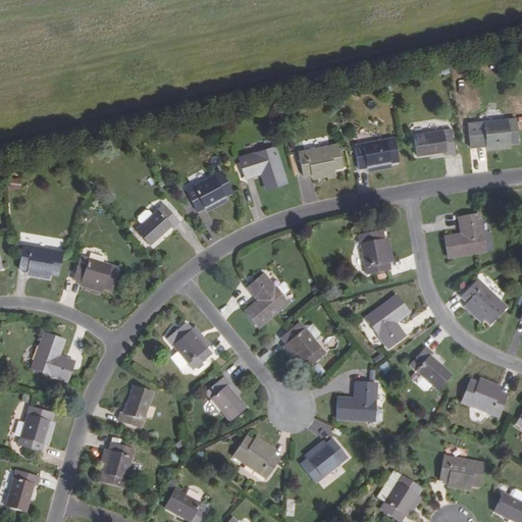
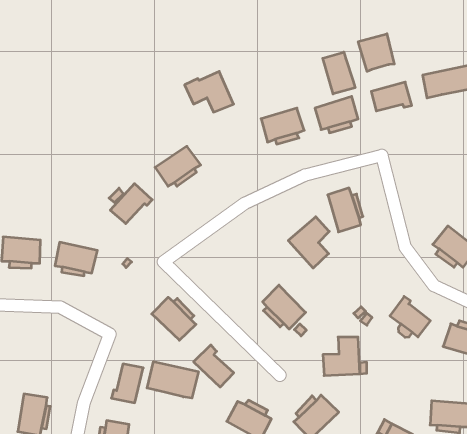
building: none -> [358,34,394,71]
building: none -> [323,52,355,94]
building: [239,147,286,188] -> [185,71,234,112]
building: [445,215,484,257] -> none
building: [245,274,286,326] -> none
building: [365,296,408,348] -> [288,217,329,268]
building: [32,333,73,381] -> none
building: none -> [147,362,198,398]

